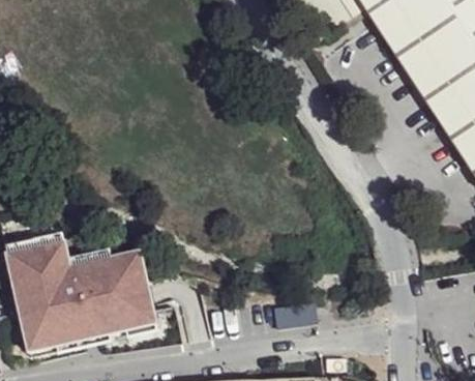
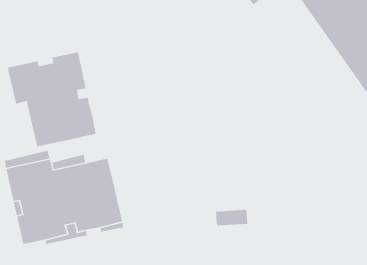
building: none -> [7,51,96,147]

